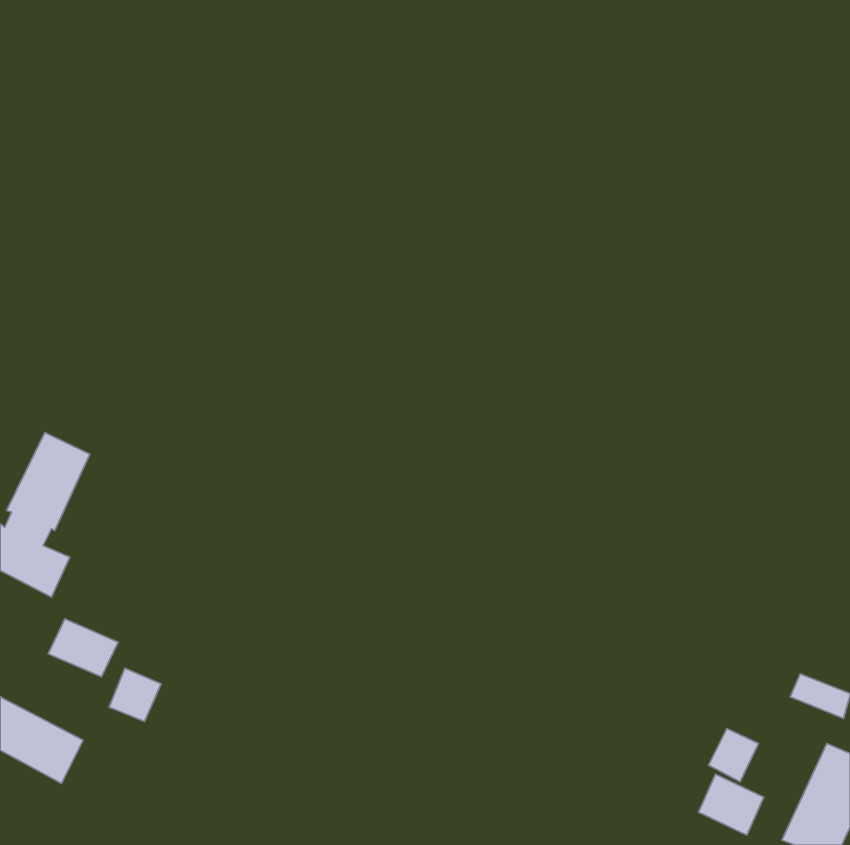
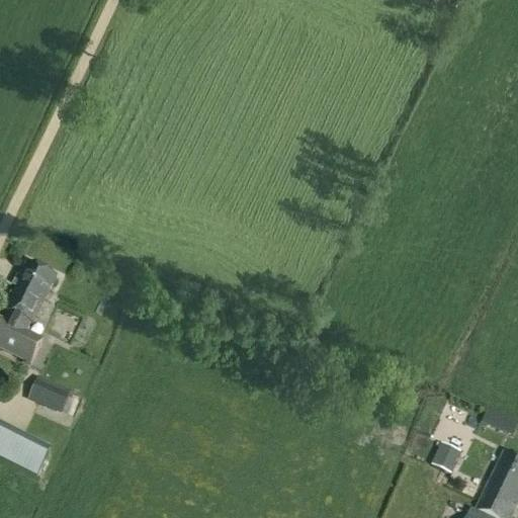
building: [109,668,161,722] -> none
building: [699,774,764,835] -> none

